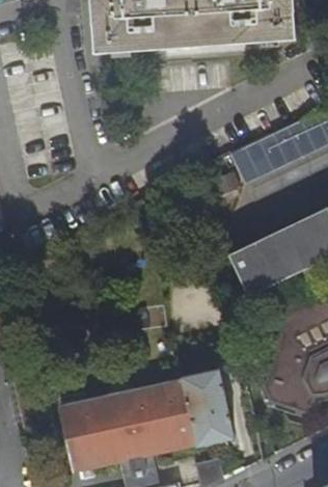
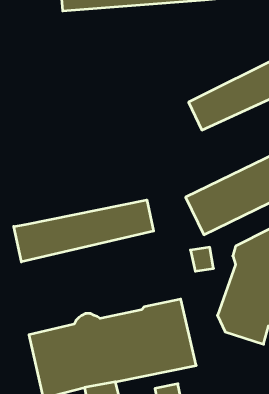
building: none -> [14,200,154,262]

